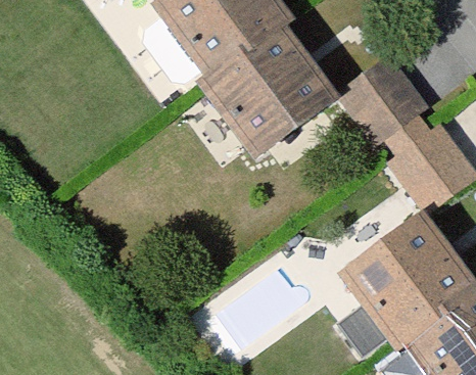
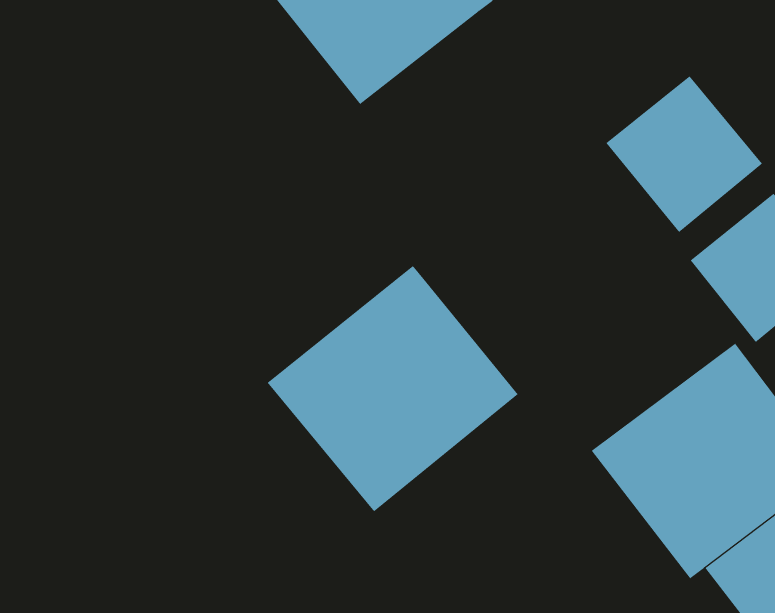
building: [202,24,336,158] -> none
building: none -> [267,265,519,512]

